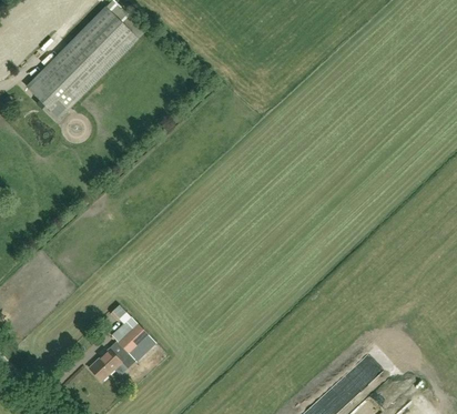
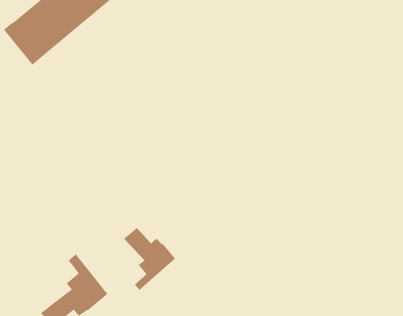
building: none -> [123,227,176,291]

